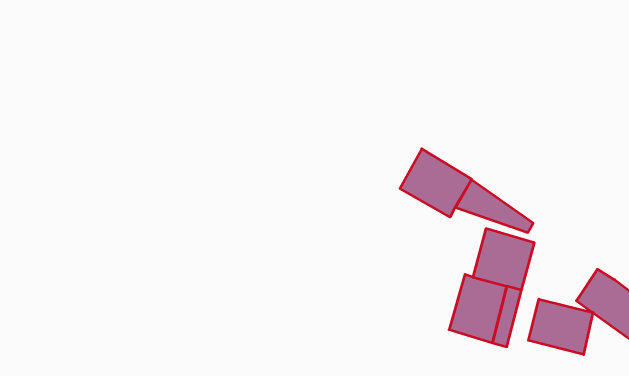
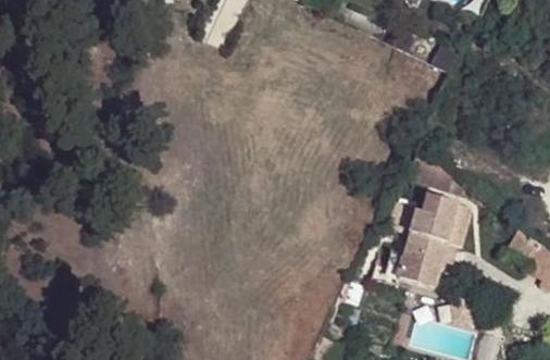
building: [400,149,472,217] -> none
building: [528,299,593,355] -> none

